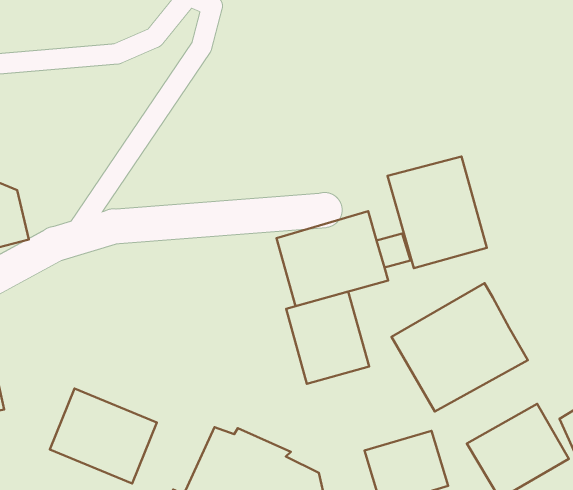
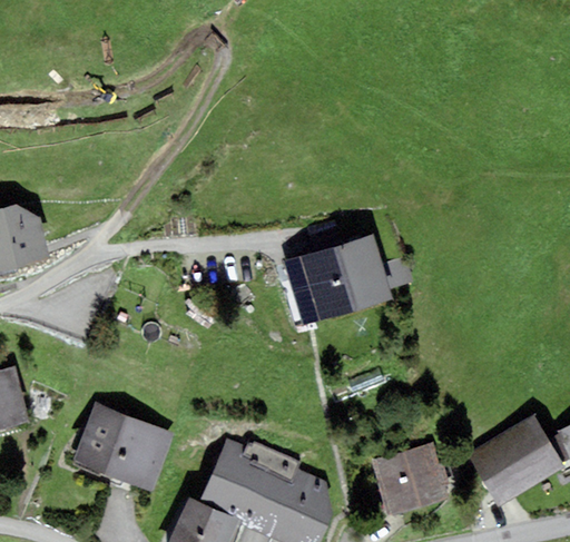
building: [387,156,487,268] -> none
building: [391,283,528,412] -> none
building: [286,292,369,384] -> none

